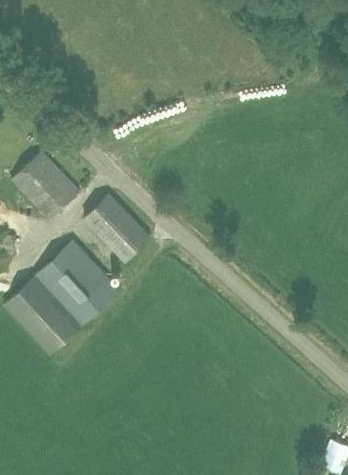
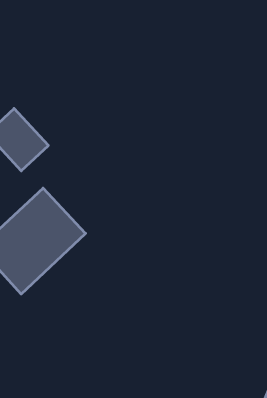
building: [84,194,150,261] -> none

